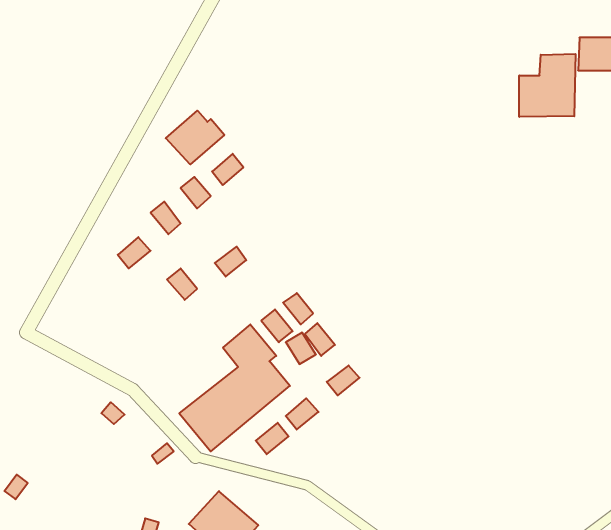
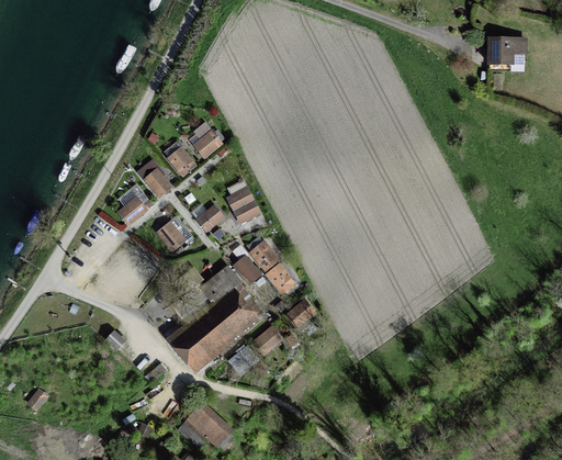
building: [519,54,575,117] -> none
building: [166,111,224,164] -> none
building: none -> [228,187,260,222]

